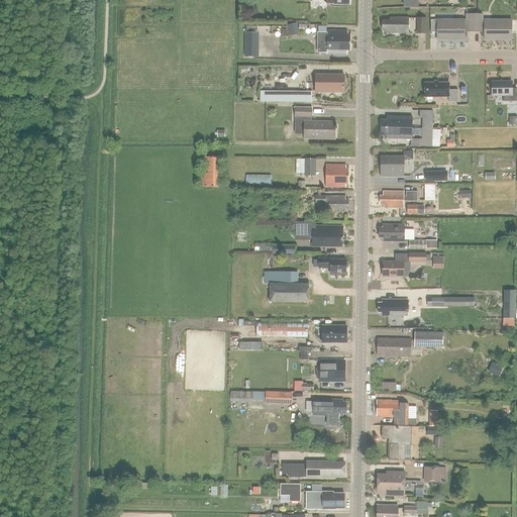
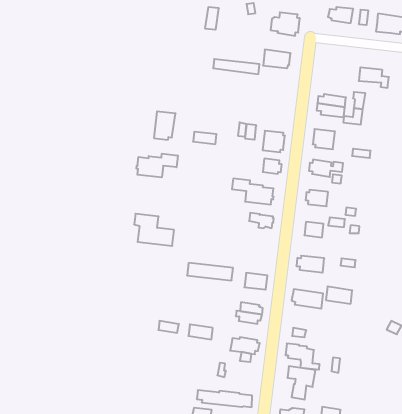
building: [294,106,335,138] -> none
building: none -> [136,154,178,177]
building: [263,270,308,301] -> [134,214,174,246]

